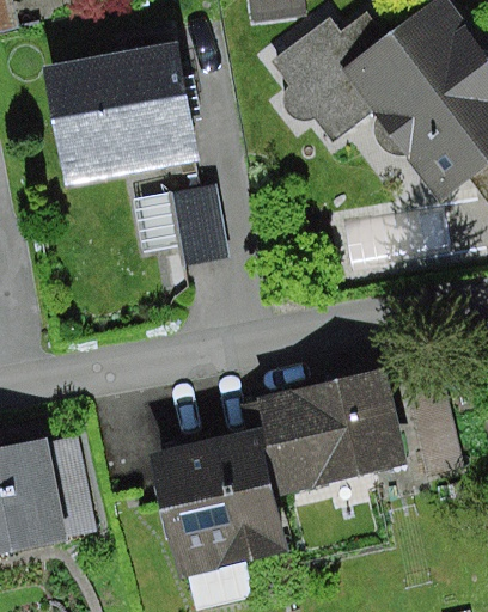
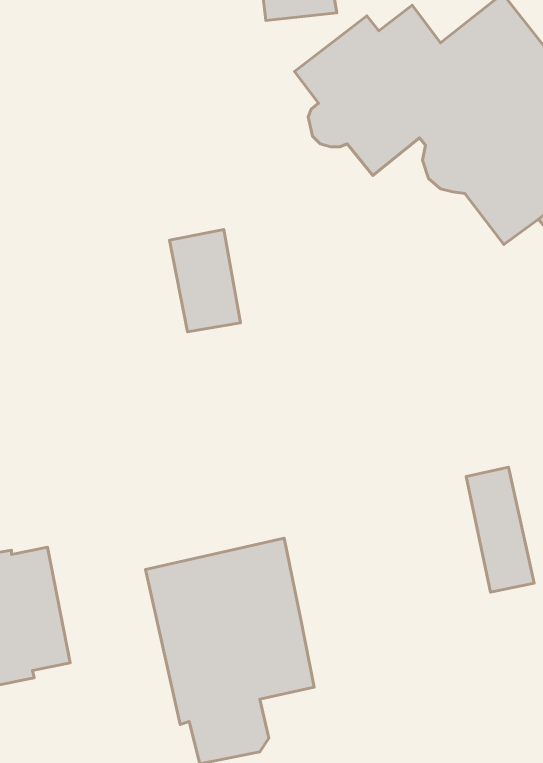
building: [45,47,194,183] -> none
building: [257,368,407,492] -> none

